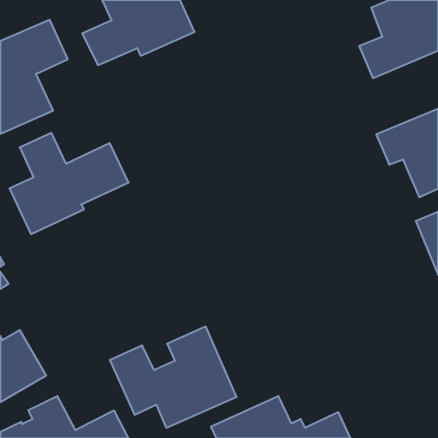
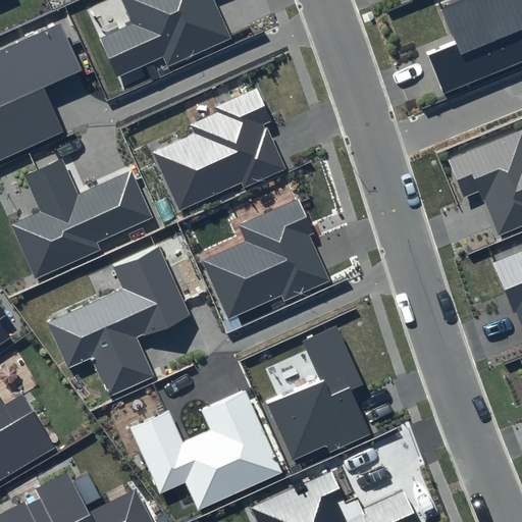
building: none -> [152,88,285,210]
building: none -> [200,198,329,320]
building: none -> [47,244,190,397]
building: none -> [268,325,371,461]

